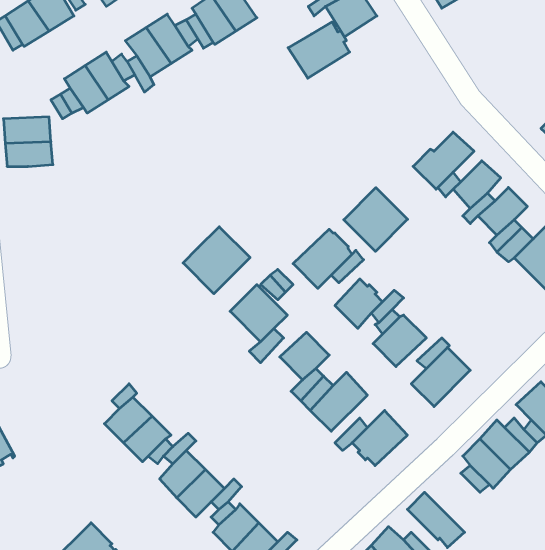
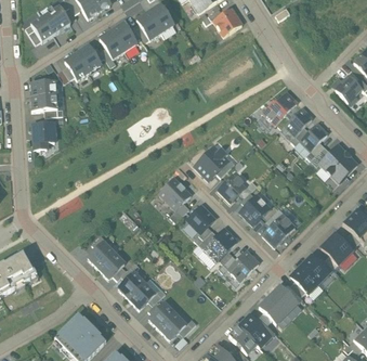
building: [288,22,350,78] -> none
building: [344,188,408,251] -> none
building: none -> [32,123,54,147]
building: [183,227,250,294] -> none
building: none -> [268,284,301,318]

